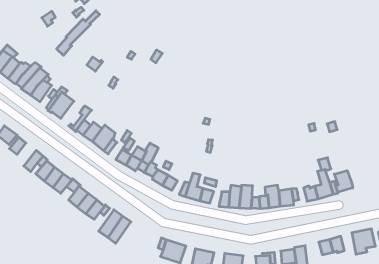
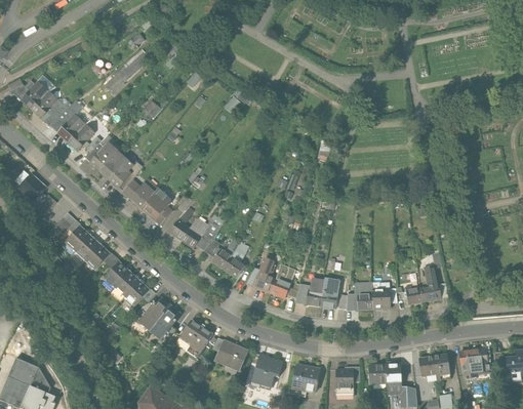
building: none -> [103,153,132,185]
building: [334,171,353,192] -> none
building: none -> [179,319,212,352]

